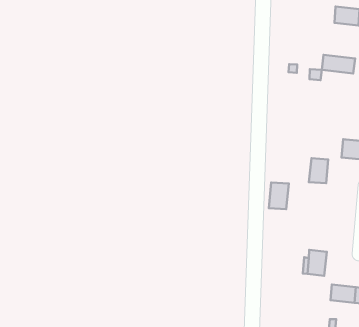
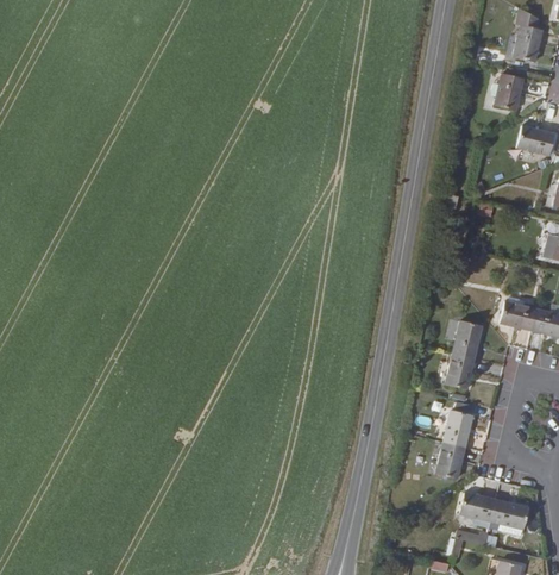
building: [322,55,355,73] -> none
building: [269,182,289,209] -> [445,351,476,389]
building: none -> [440,410,470,446]

